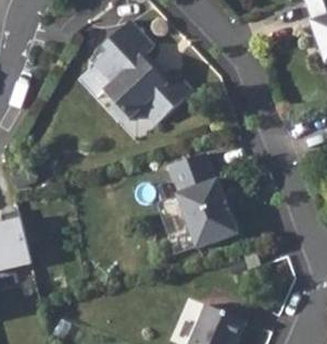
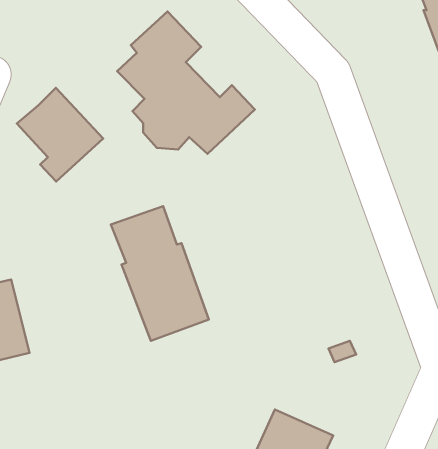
building: none -> [17,88,103,182]
building: [168,150,238,246] -> [111,206,209,341]

